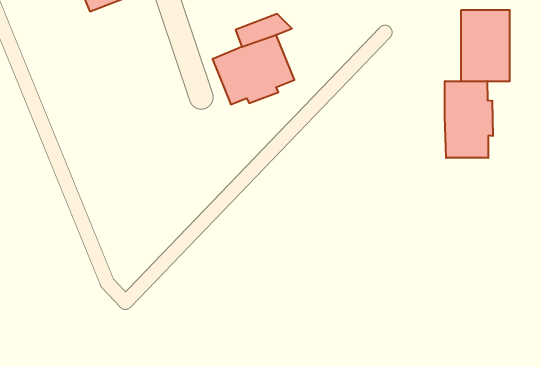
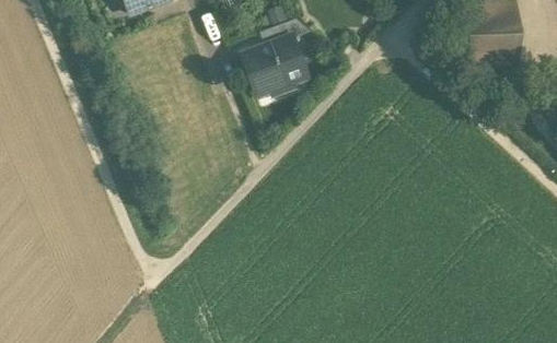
building: [445,81,493,158] -> none

